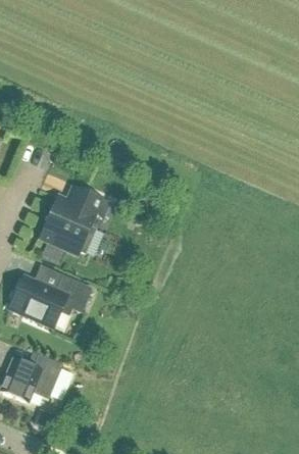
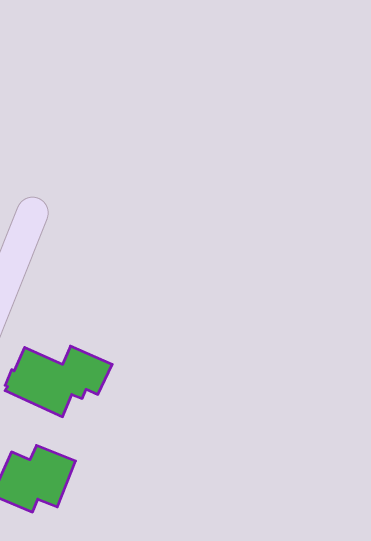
building: [40,186,109,253] -> none

